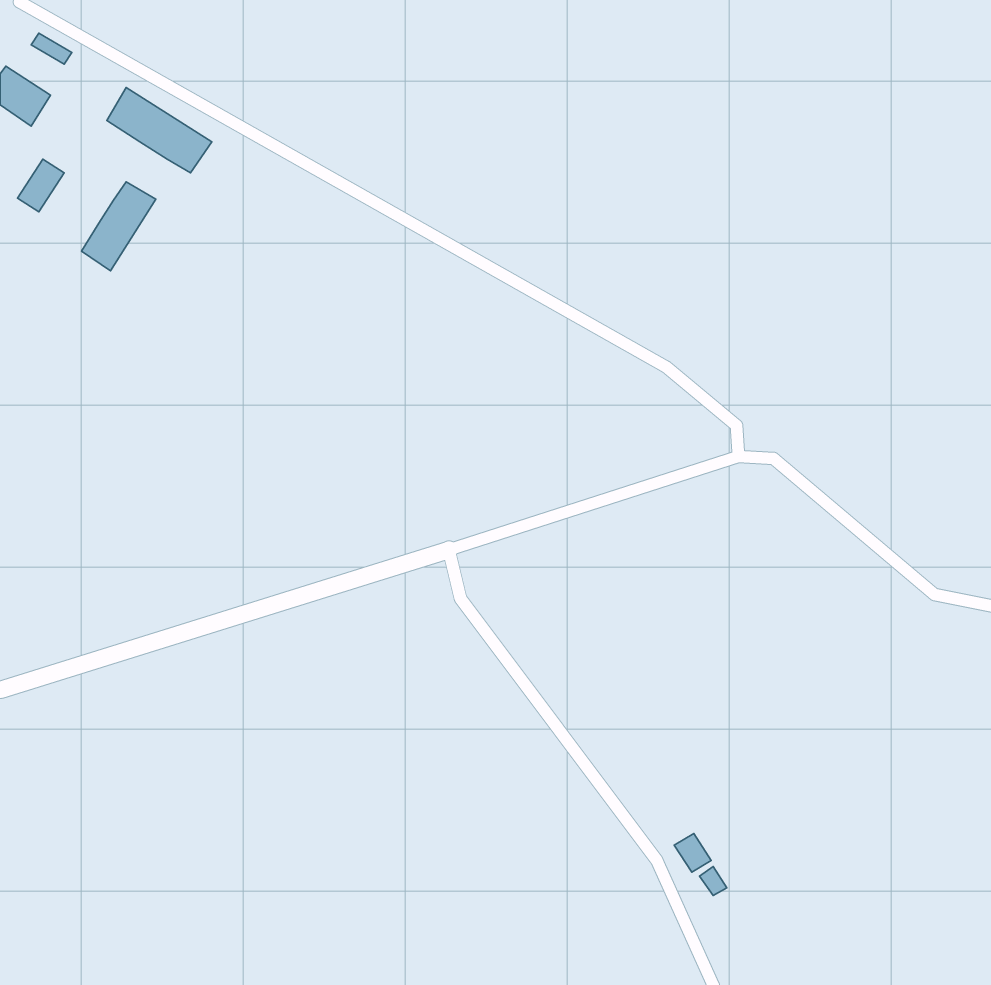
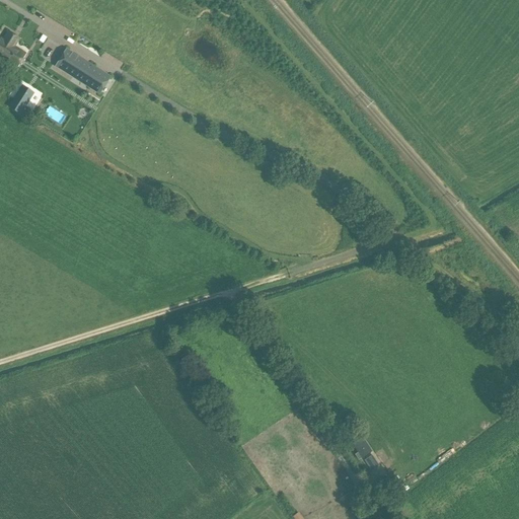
building: [81,182,156,271] -> none

